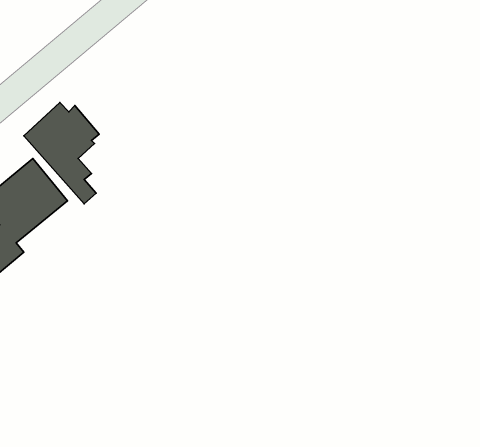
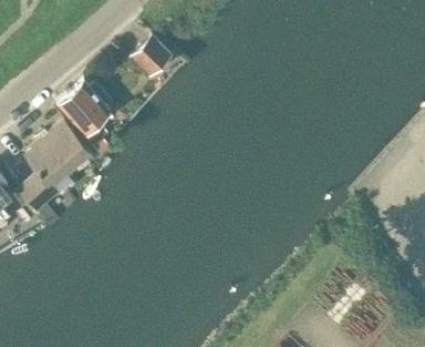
building: none -> [129,34,170,75]

